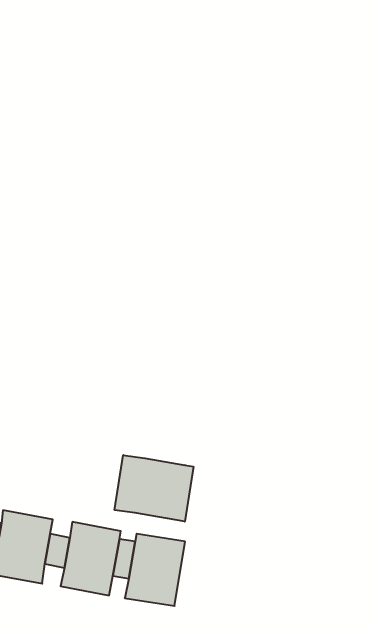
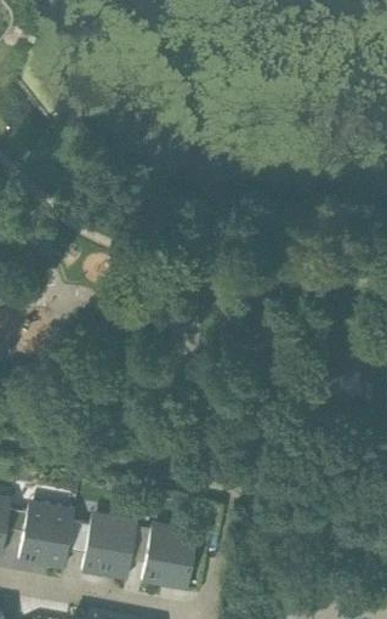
building: [115,455,193,522] -> none

